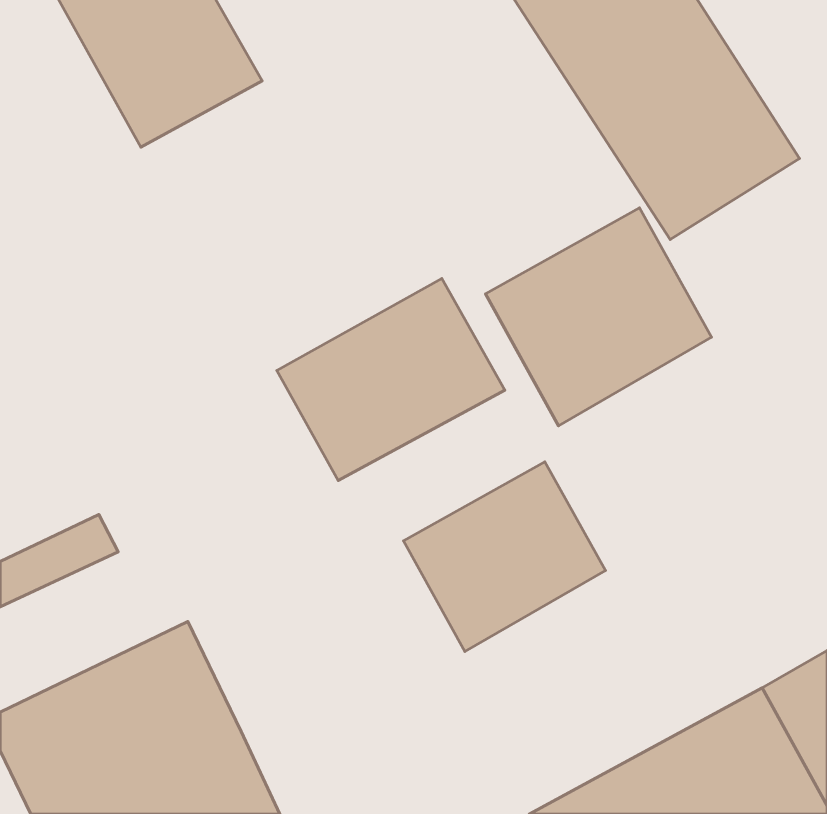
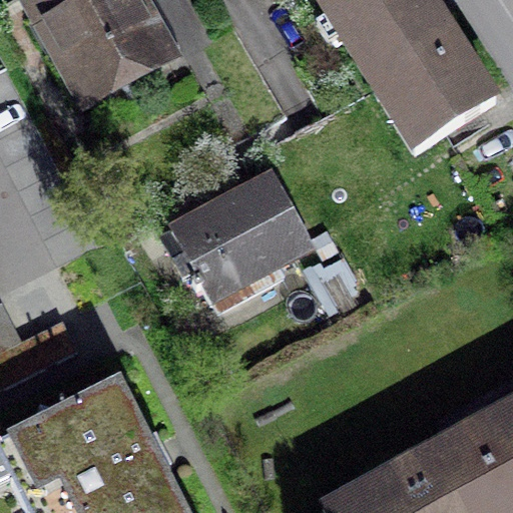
building: [485,208,712,426] -> none
building: [403,462,605,652] -> none

